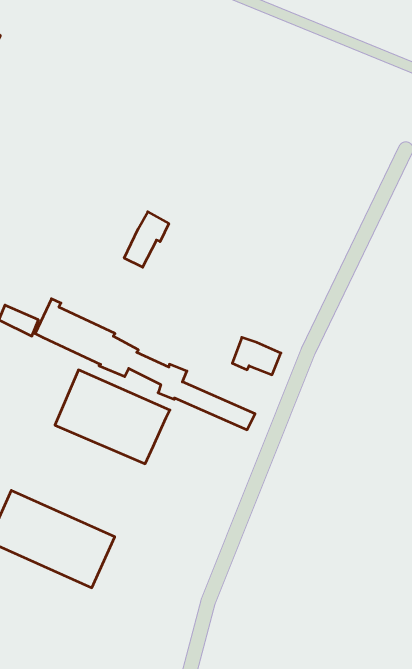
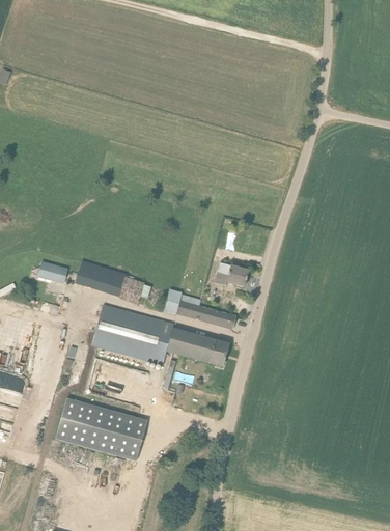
building: [124,212,169,267] -> none
building: none -> [166,329,228,365]

